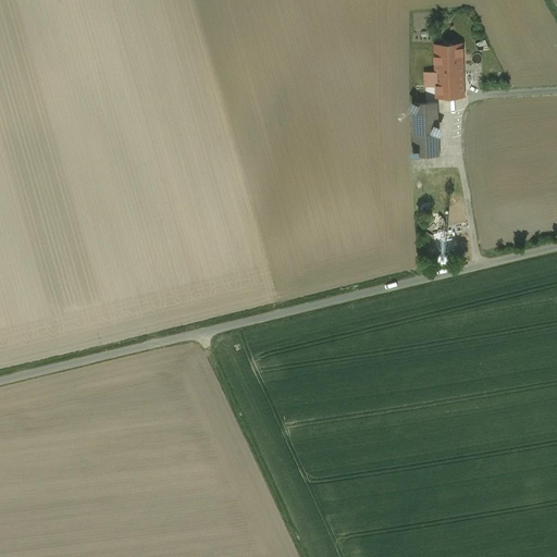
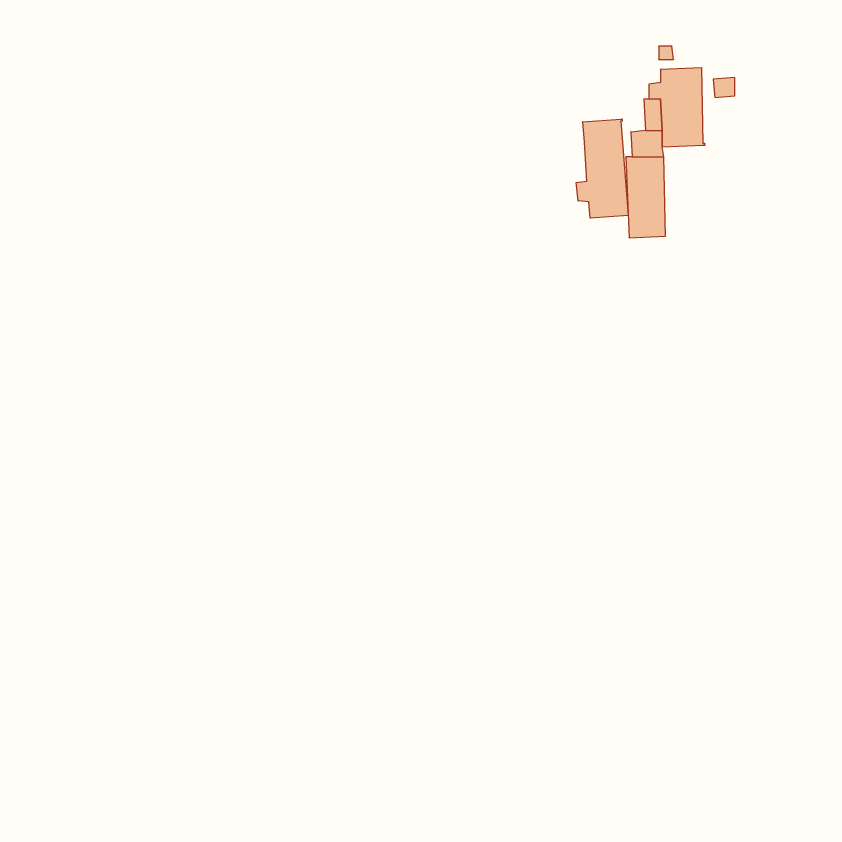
building: none -> [576,119,628,218]

